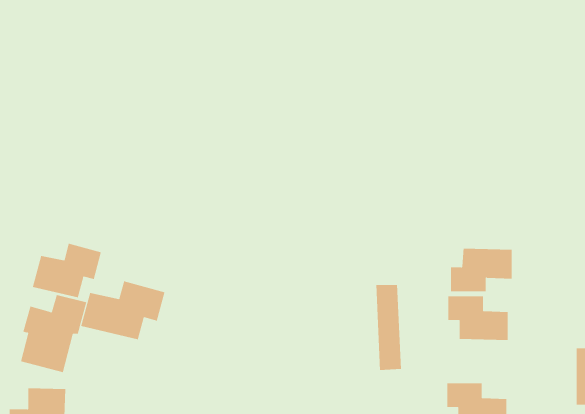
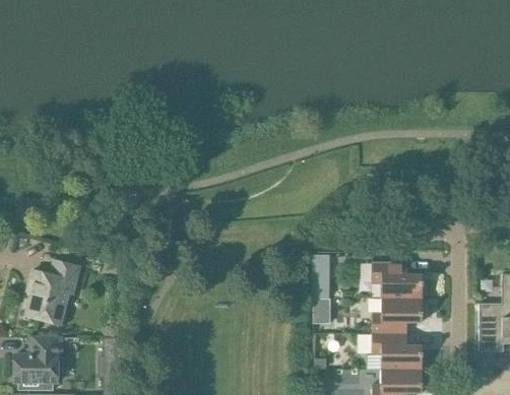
building: [32,243,102,298] -> none
building: [450,248,512,292] -> [373,297,424,332]
building: [81,281,165,340] -> none

